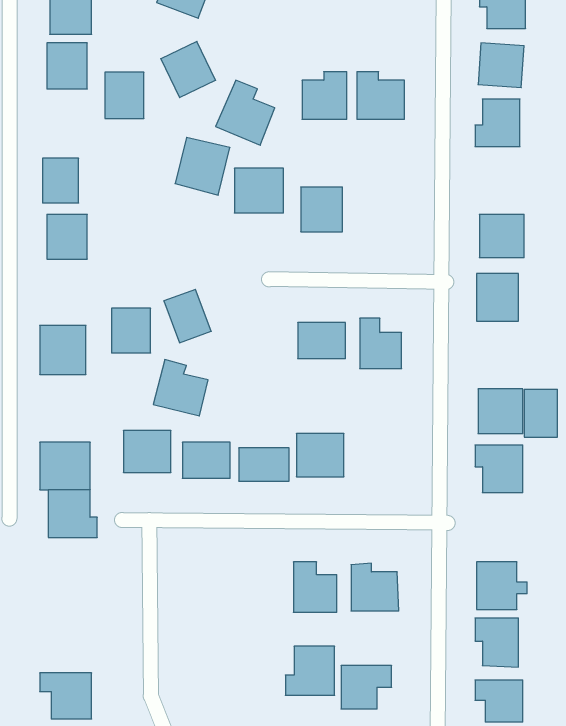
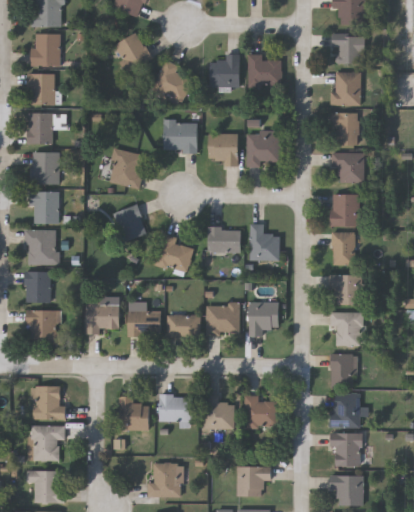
building: [105,72,144,118] -> [28,72,55,104]
building: [175,137,230,195] -> [107,148,145,188]
building: none -> [330,112,359,144]
building: none -> [247,130,280,165]
building: [112,308,151,353] -> [33,191,60,222]
building: [153,360,208,416] -> [155,233,193,272]
building: none -> [27,271,52,302]
building: [524,389,557,437] -> [332,232,355,265]
building: none -> [249,301,278,335]
building: [48,490,97,537] -> [33,386,67,419]
building: none -> [330,353,356,387]
building: none -> [119,395,148,430]
building: none -> [159,395,191,426]
building: none -> [29,425,67,460]
building: [285,646,335,695] -> [147,462,181,496]

